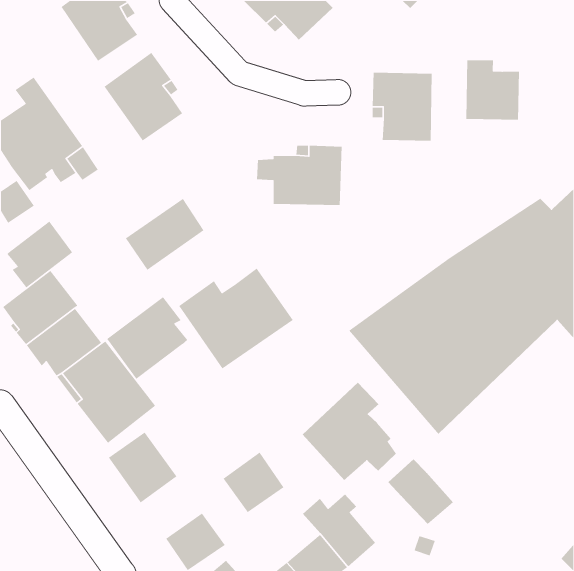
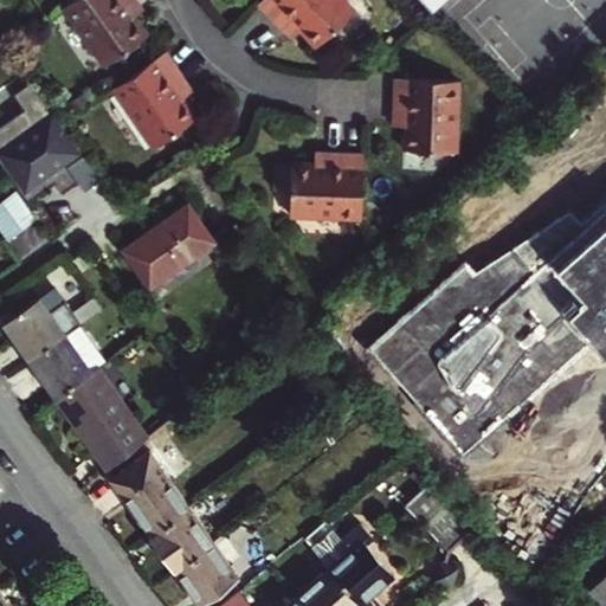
building: [465,60,520,121] -> none
building: [7,220,73,288] -> none
building: [178,267,294,369] -> none
building: [106,296,188,380] -> none
building: [302,382,397,481] -> none
building: [223,451,284,513] -> [148,505,213,570]

